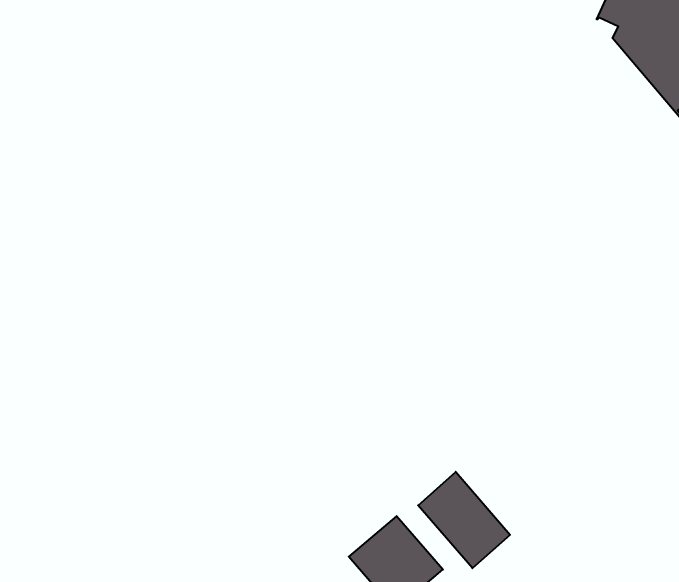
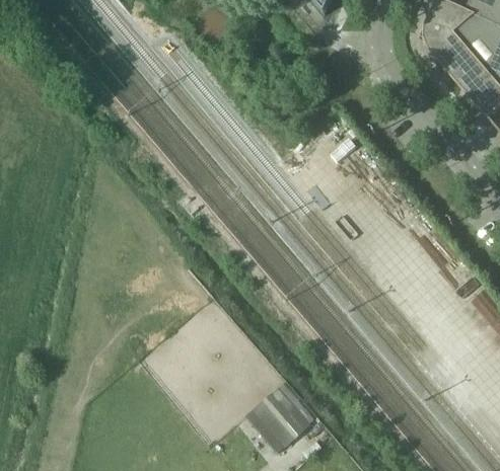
building: [418,472,510,568] -> none

